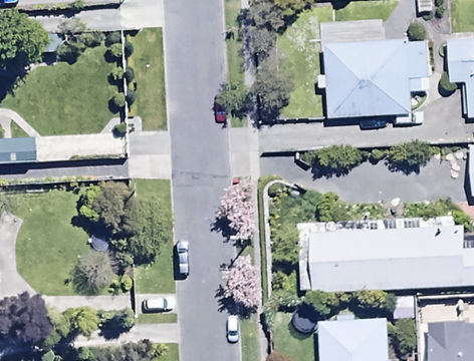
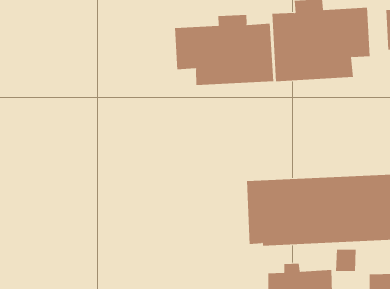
building: none -> [175,14,274,86]

